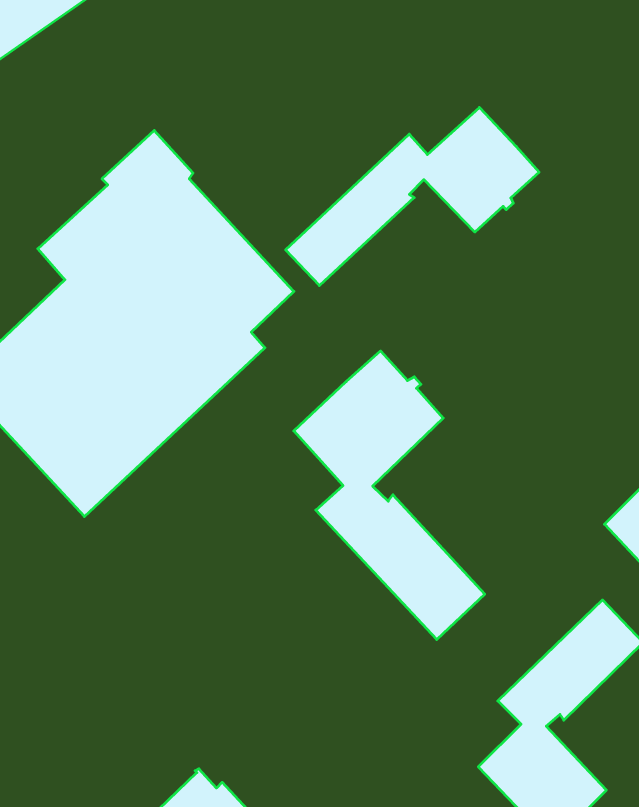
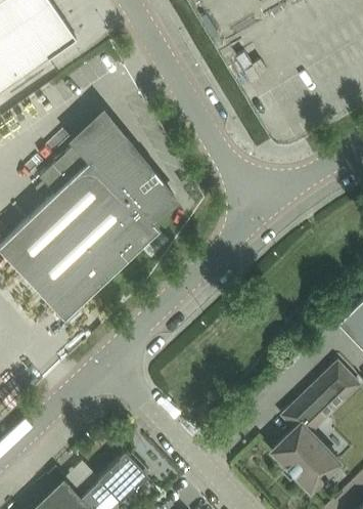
building: [286,107,539,286] -> none
building: [294,351,485,640] -> none

